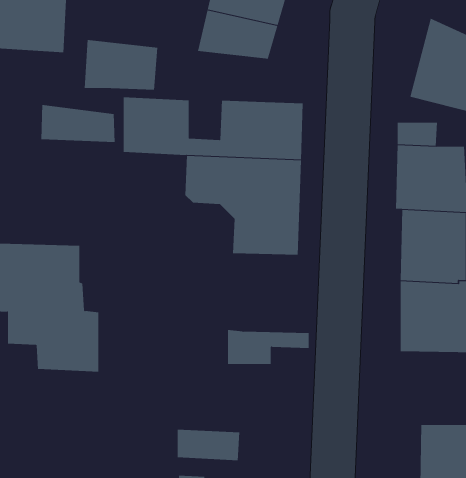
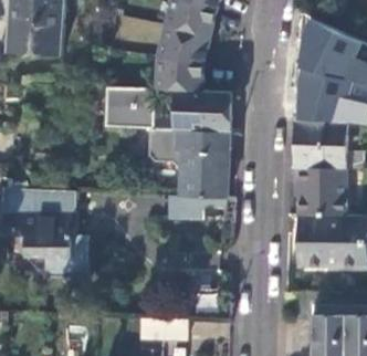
building: [84,40,158,90] -> [154,54,206,90]
building: [41,104,115,143] -> none
building: [227,330,310,364] -> [169,195,227,219]

